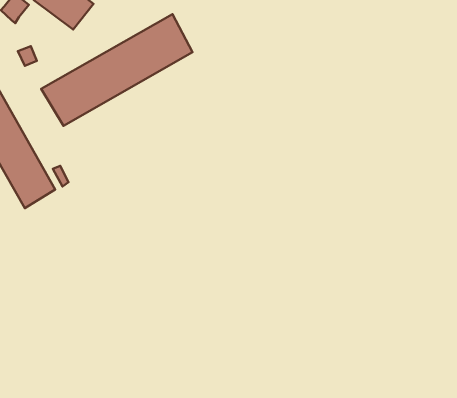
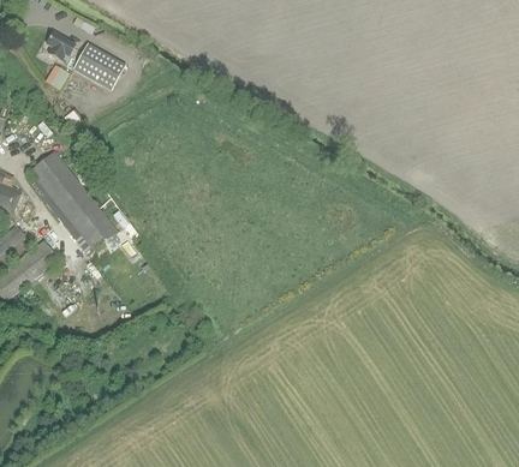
building: [41,14,193,126] -> none

